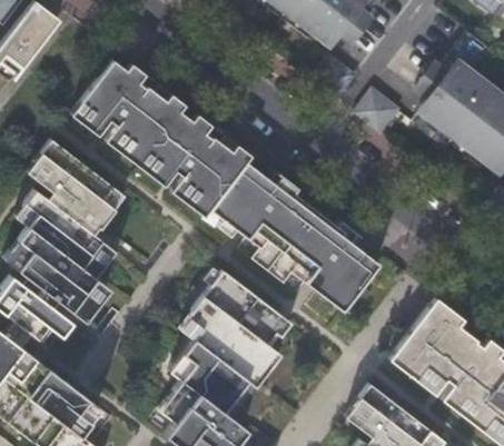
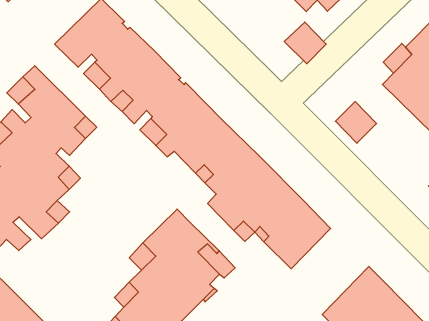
building: [356,90,399,133] -> [335,102,377,143]

